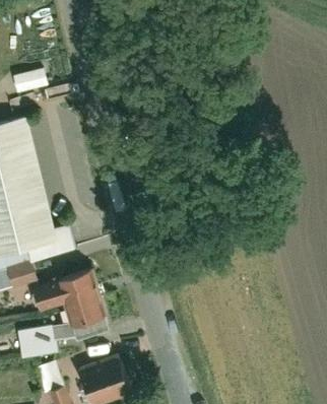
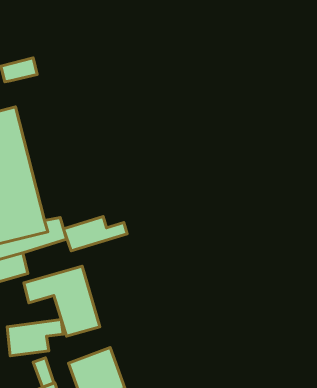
building: none -> [63,217,127,251]

